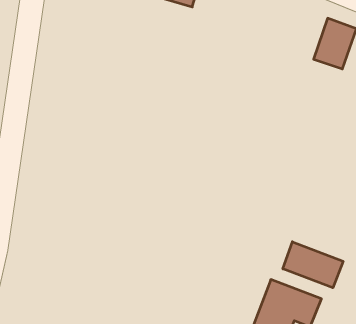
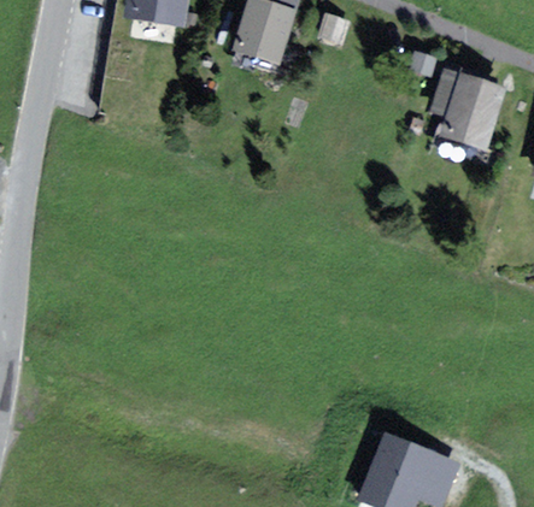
building: [283,242,343,288] -> none

